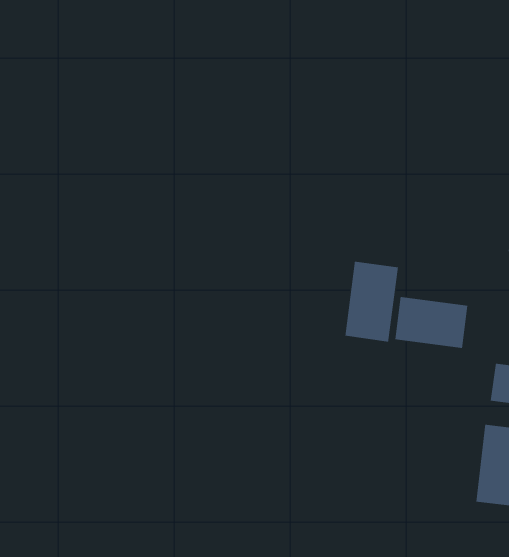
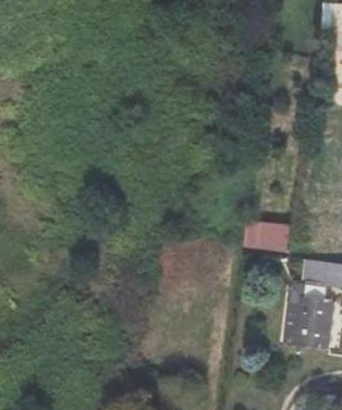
building: [345,261,399,342] -> none

